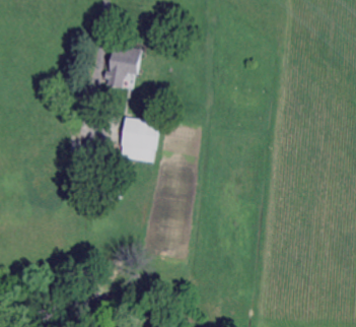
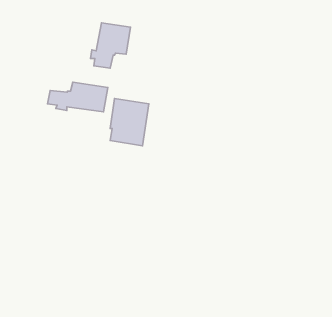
building: none -> [47,82,108,112]

